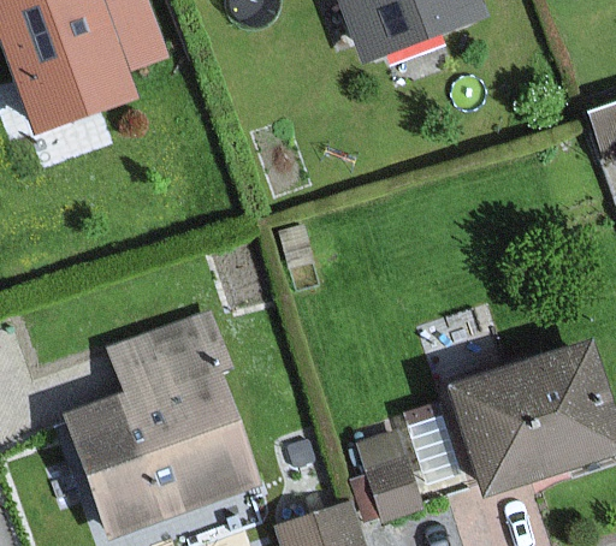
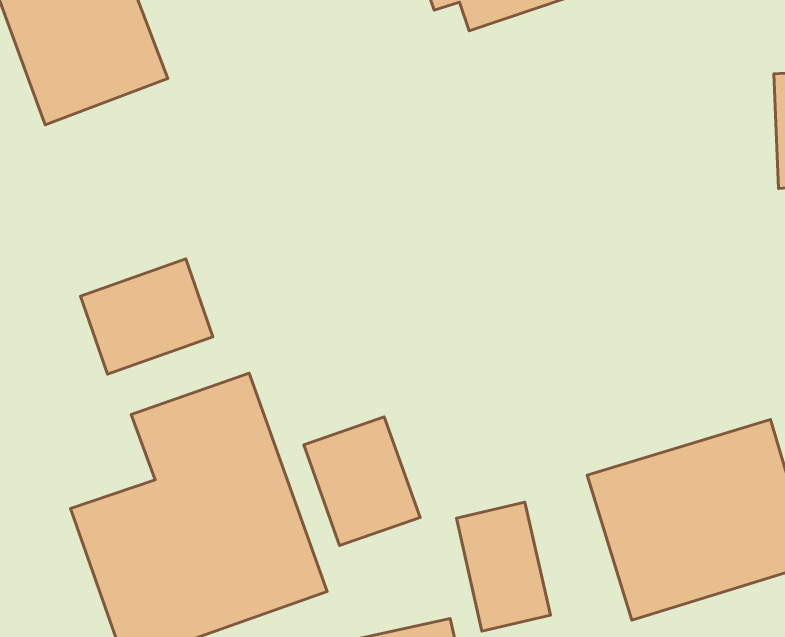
building: none -> [80,259,213,374]
building: none -> [304,417,420,545]

